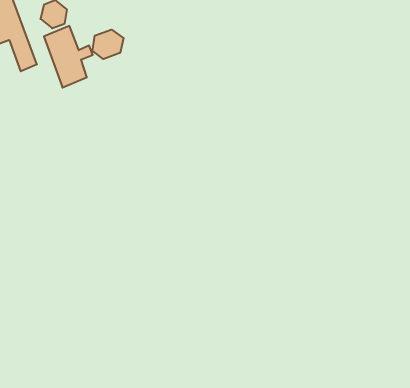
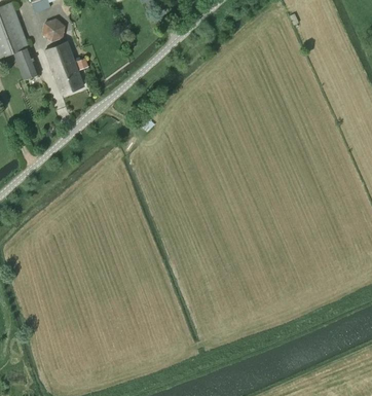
building: [93,30,124,59] -> none

